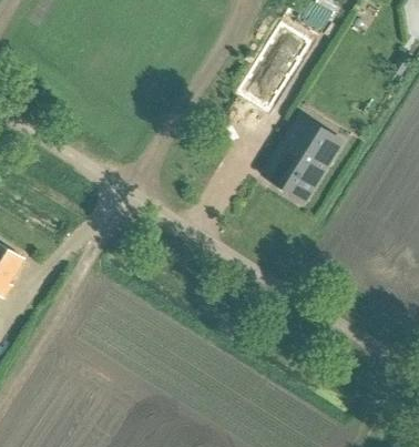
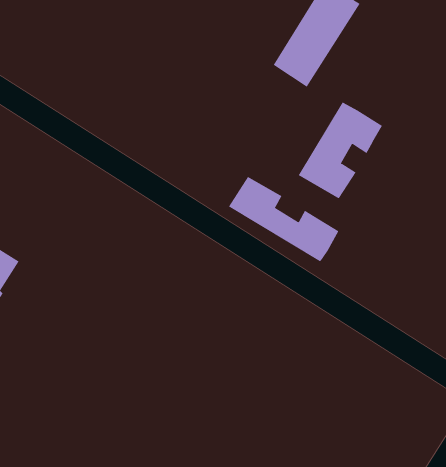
building: none -> [228,176,339,262]

